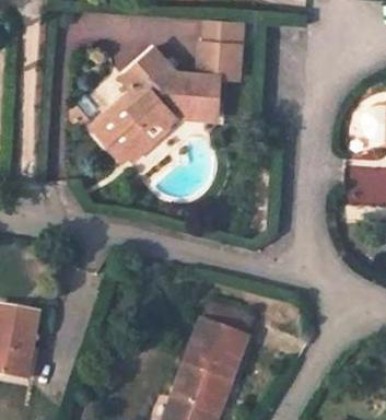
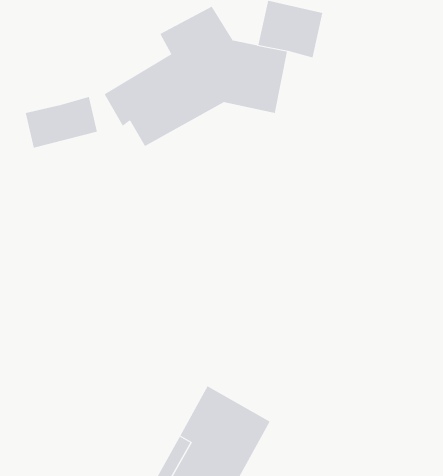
building: none -> [25,96,98,149]

